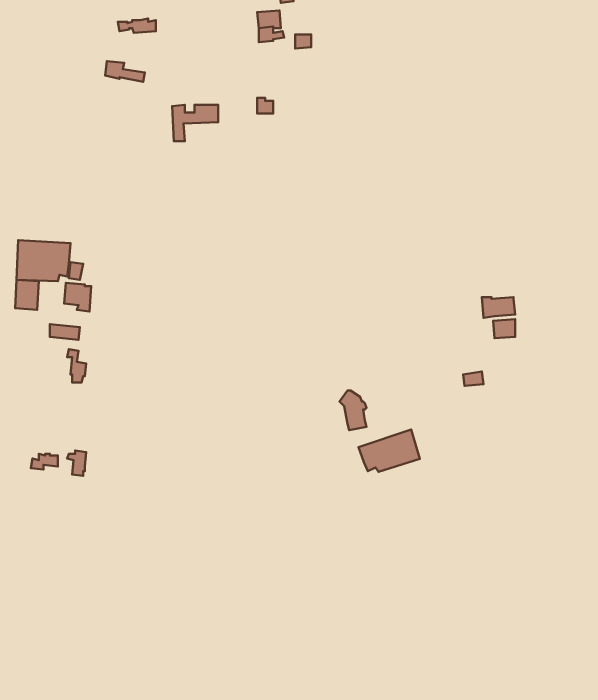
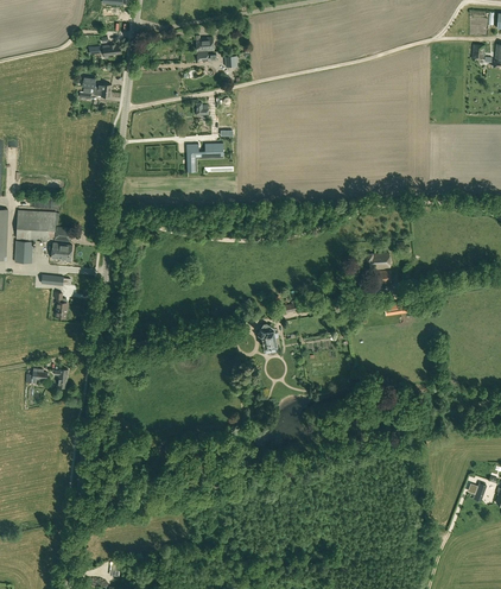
building: [172,105,218,141] -> [186,144,221,171]
building: [359,430,420,472] -> none

